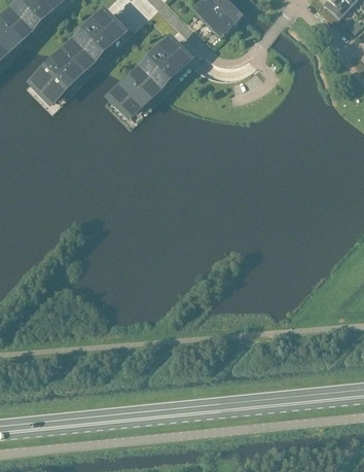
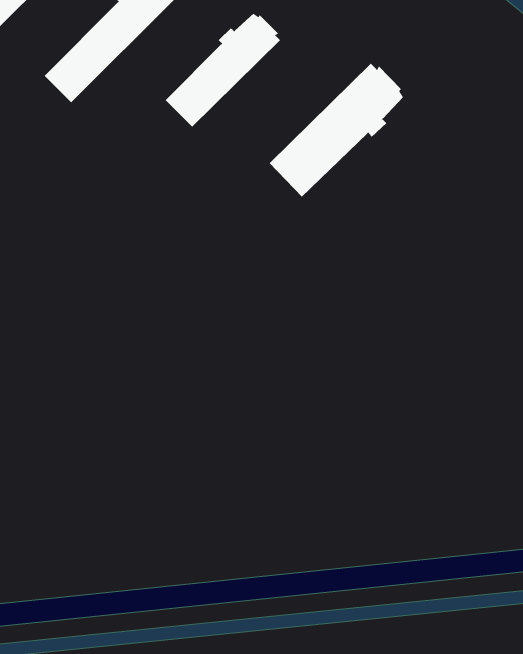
building: none -> [269,63,404,197]

